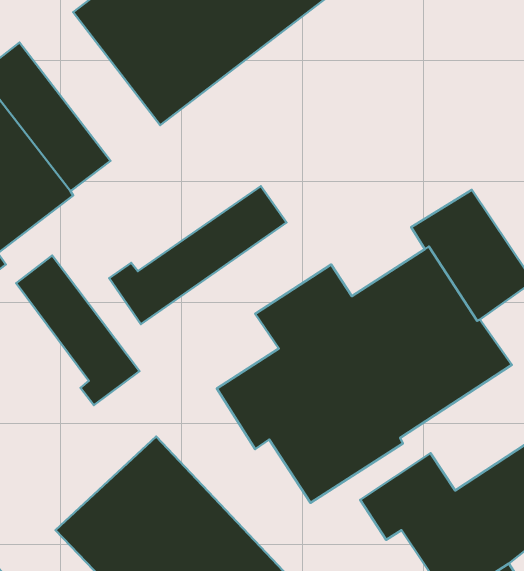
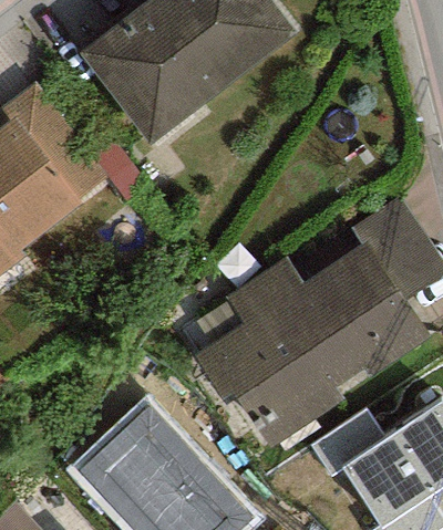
building: [109,186,287,324] -> none
building: [16,256,139,405] -> none

